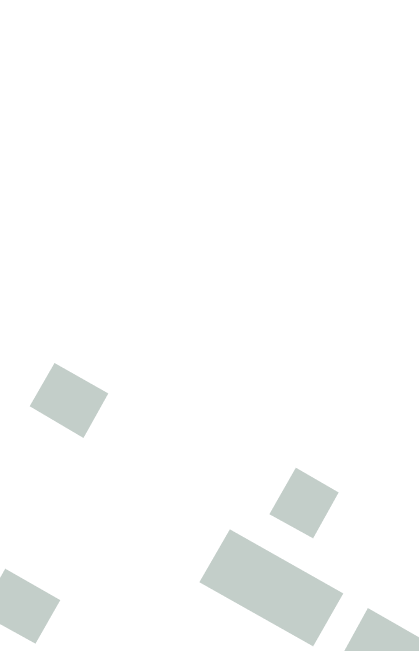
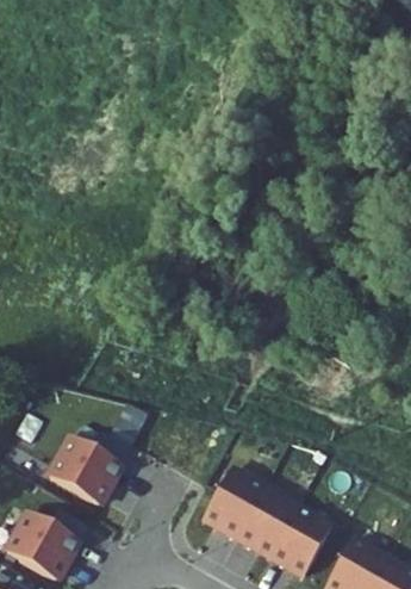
building: [28,362,110,439] -> [54,433,125,501]
building: [268,466,340,540] -> none

